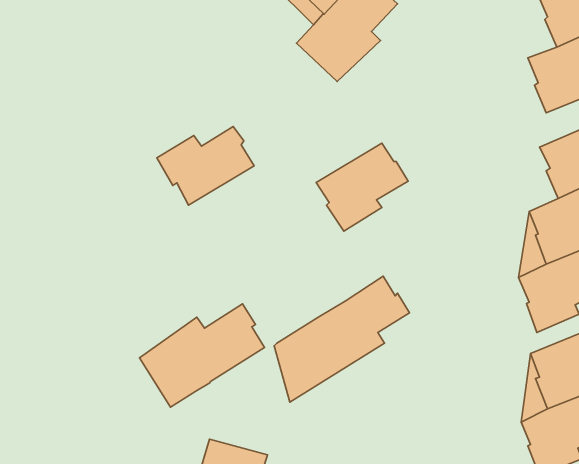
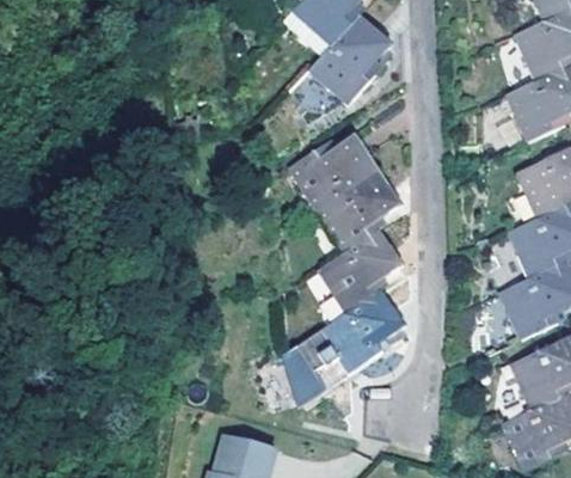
building: [157,126,254,205] -> [289,133,377,204]
building: none -> [320,227,403,312]
building: [140,304,264,407] -> none

